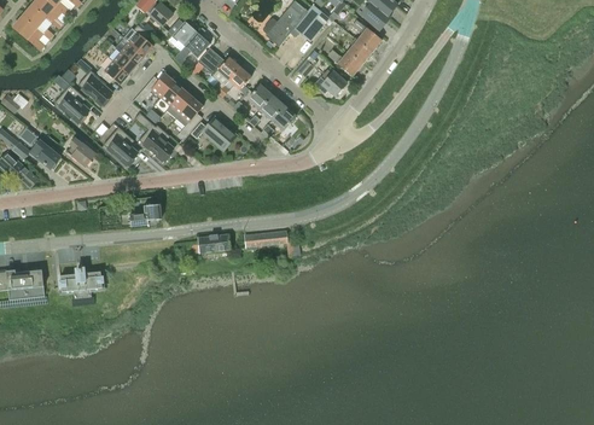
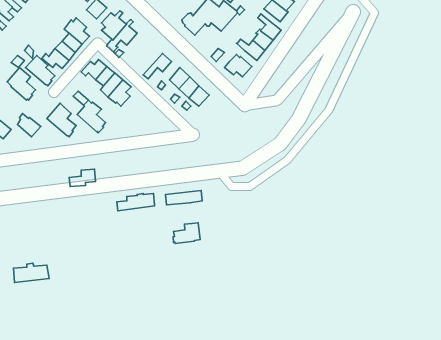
building: [198,47,240,92] -> none
building: [191,116,237,150] -> none
building: none -> [173,223,200,244]
building: [60,268,103,291] -> [14,263,49,283]

